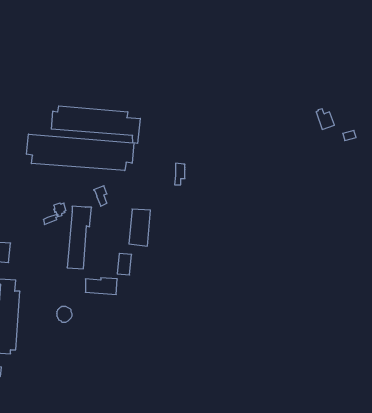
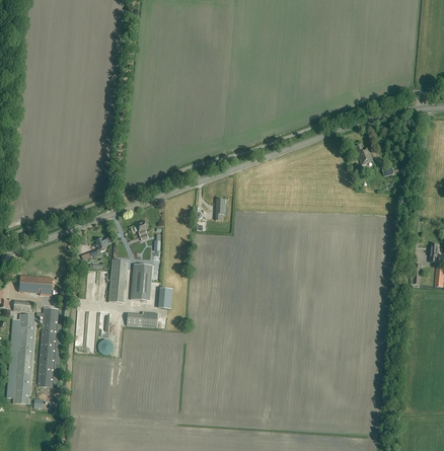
building: [27,106,140,171] -> none
building: [129,209,150,246] -> [131,264,152,300]

